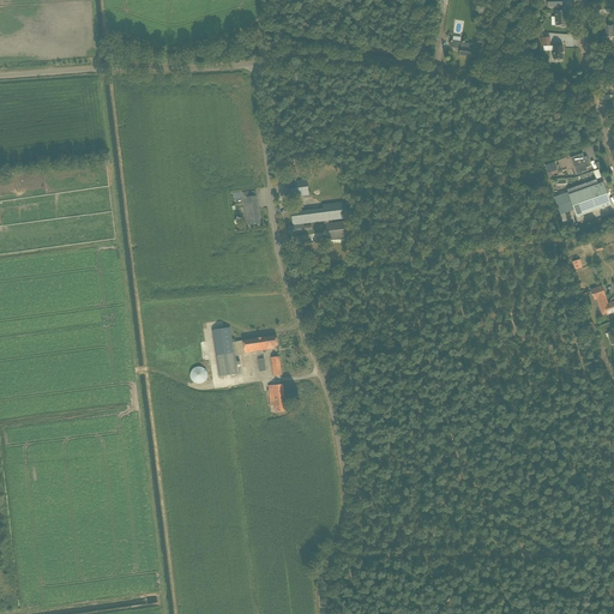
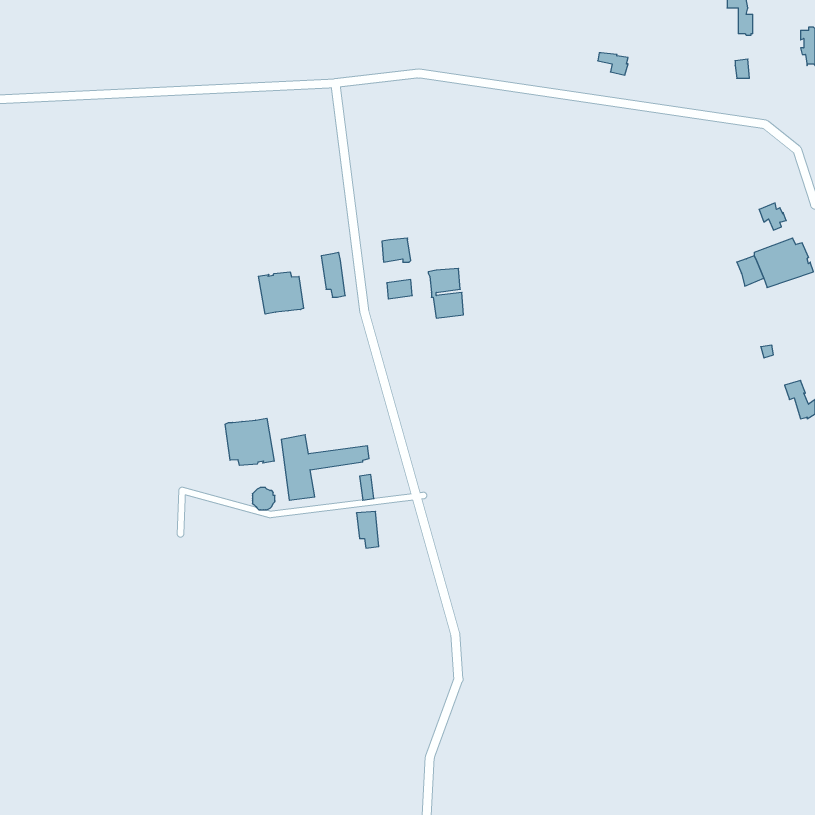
building: none -> [258,272,304,314]
building: none -> [225,418,274,465]

